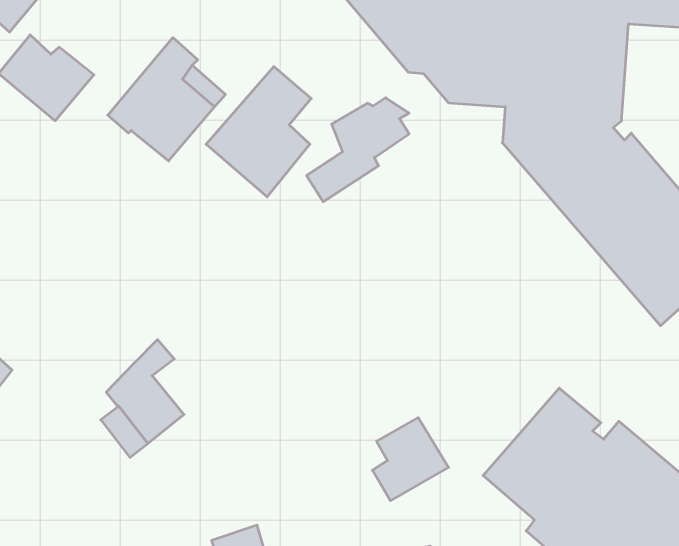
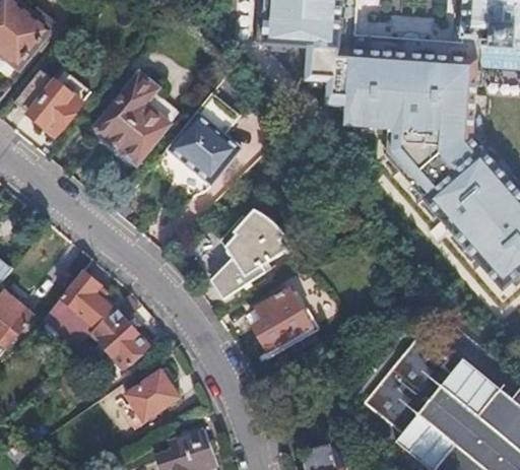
building: [307,98,409,202] -> [212,221,287,297]
building: none -> [39,271,113,350]
building: [372,418,449,501] -> [256,287,312,348]
building: none -> [123,370,178,420]

